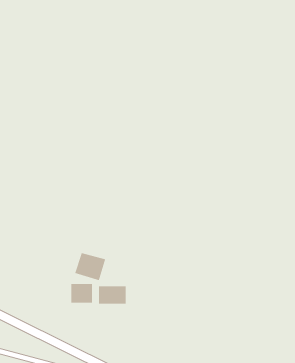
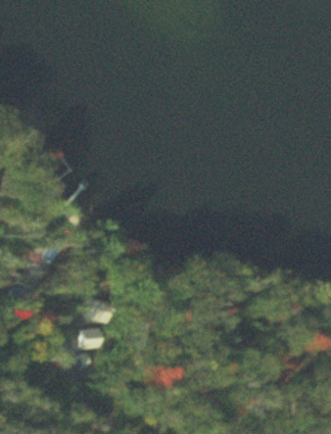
building: [98,286,126,304] -> none

